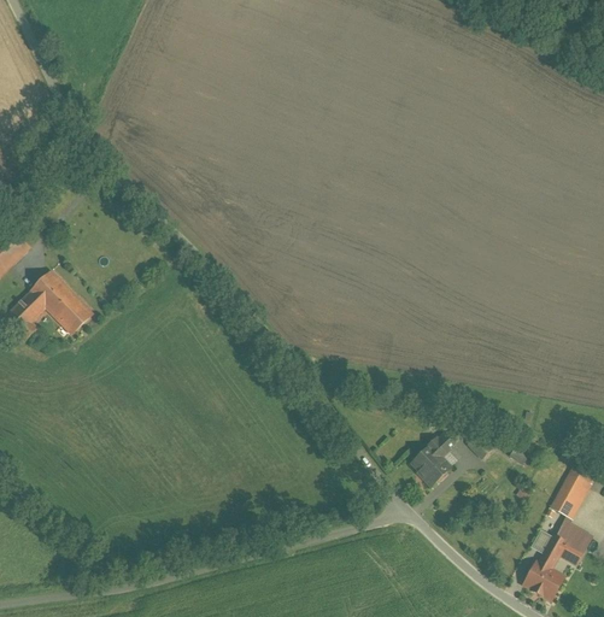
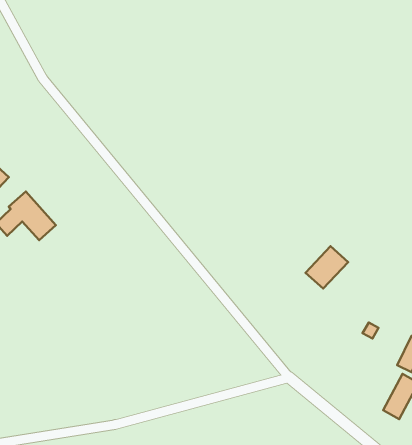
building: [406,428,464,486] -> [306,246,348,289]
building: [526,569,562,601] -> none

